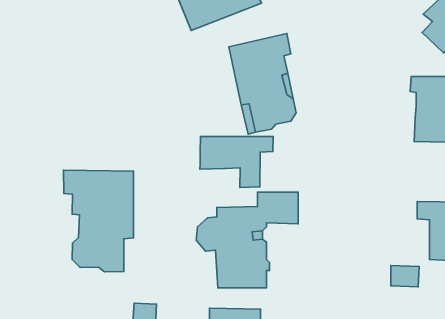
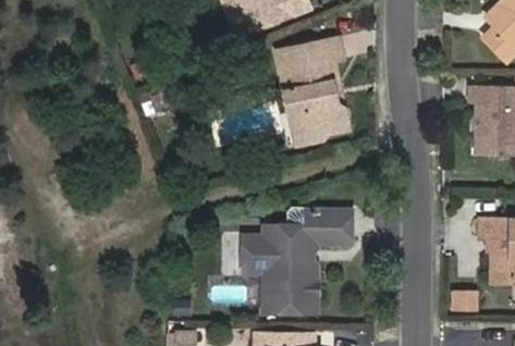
building: [200,136,273,187] -> none
building: [64,170,134,272] -> none

